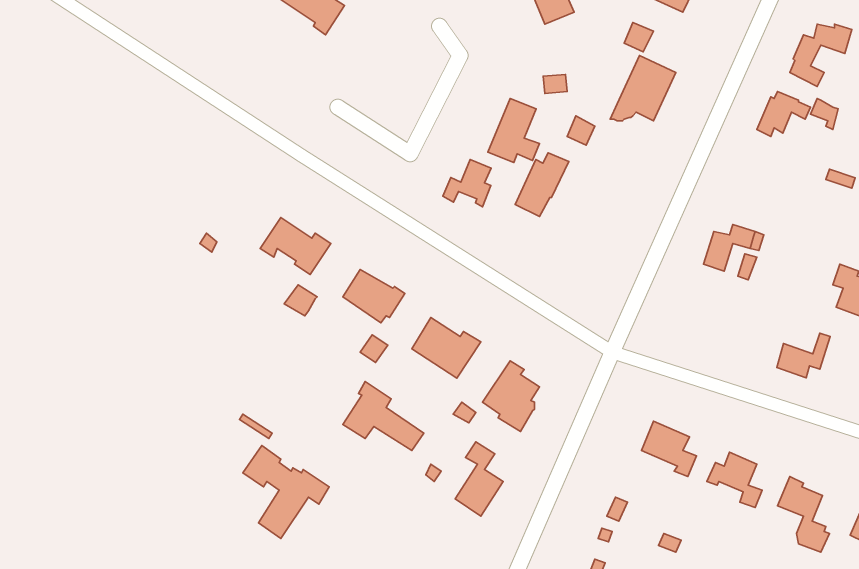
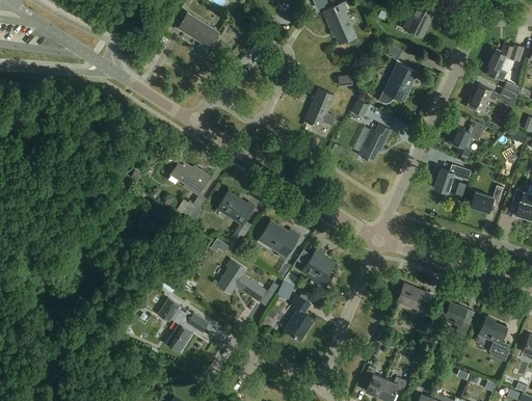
building: [515,153,569,217] -> [358,124,391,162]
building: [443,160,491,207] -> none
building: none -> [448,126,482,158]
building: [777,333,830,378] -> [471,185,503,212]

